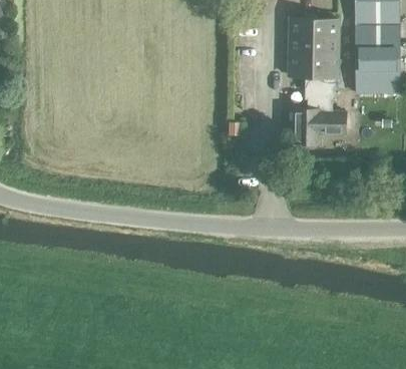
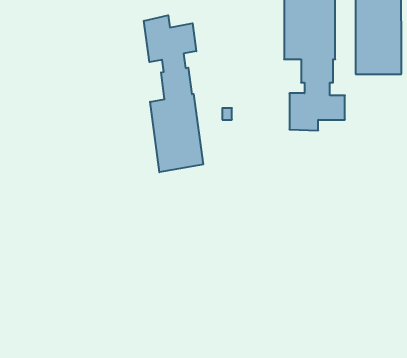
building: none -> [144,15,203,172]

